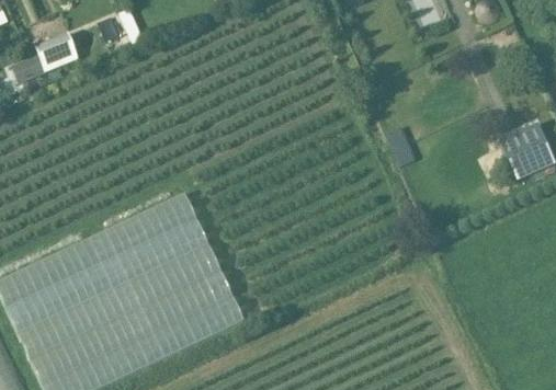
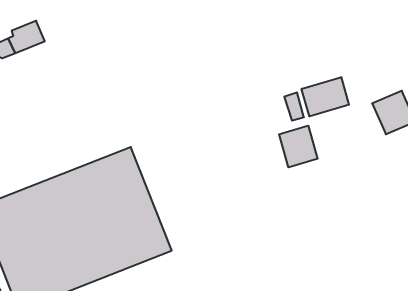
building: none -> [302,77,349,116]
building: none -> [279,126,318,167]

